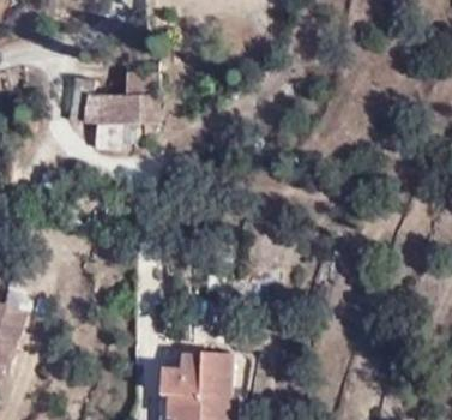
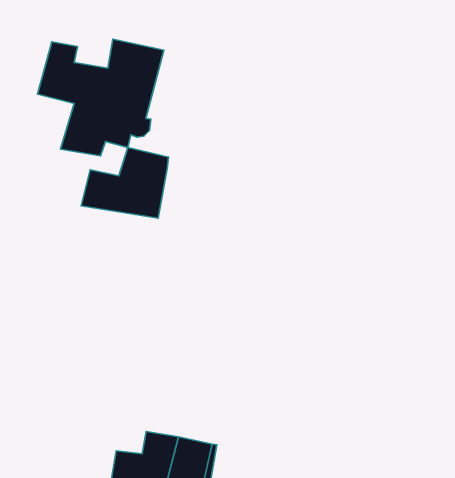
building: none -> [81,148,168,218]

